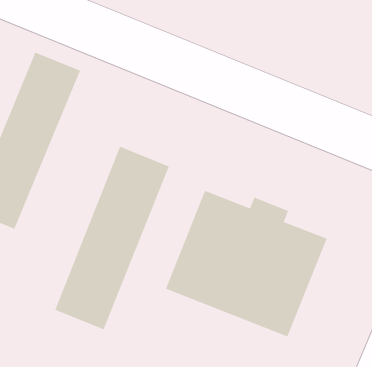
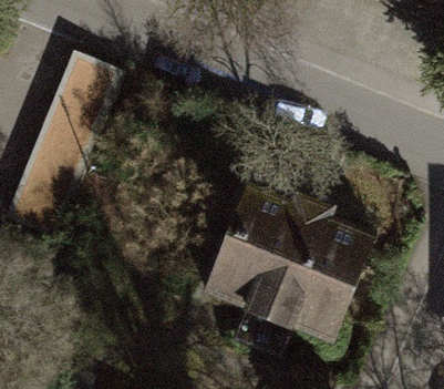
building: [54,146,169,330] -> none

